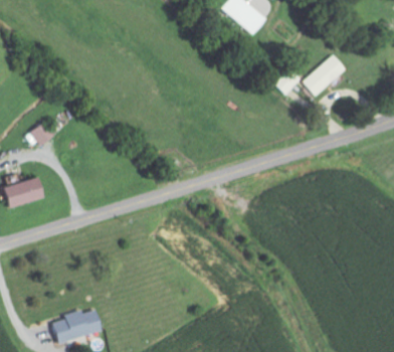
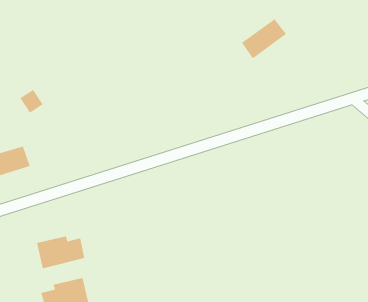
building: [304,55,349,96] -> [241,18,287,59]
building: none -> [36,235,85,269]

